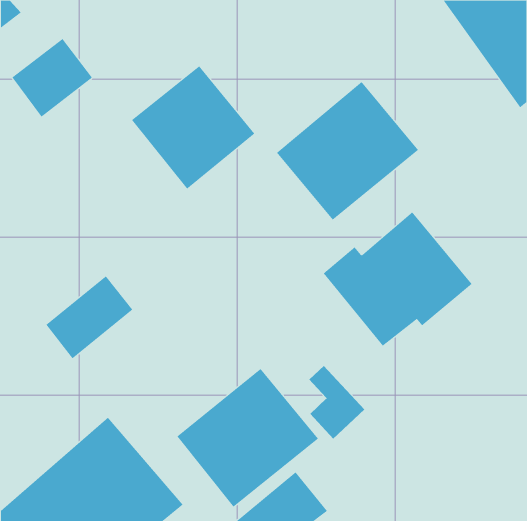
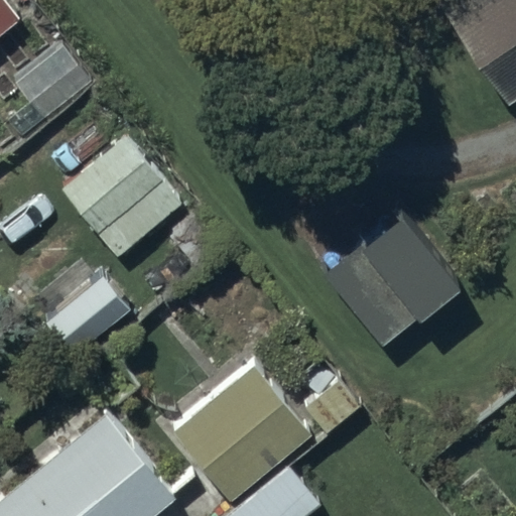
building: [131,66,255,189] -> [62,136,183,257]
building: [276,81,419,221] -> none

